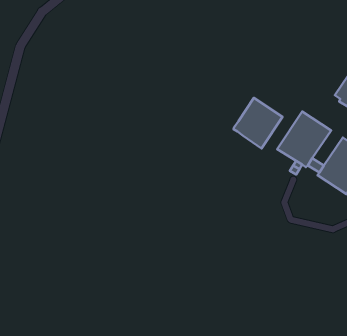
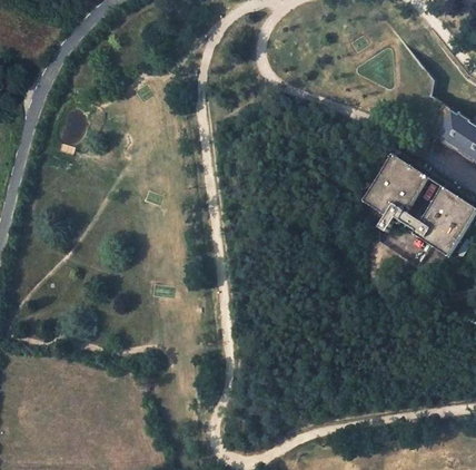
building: [234,98,283,149] -> none

